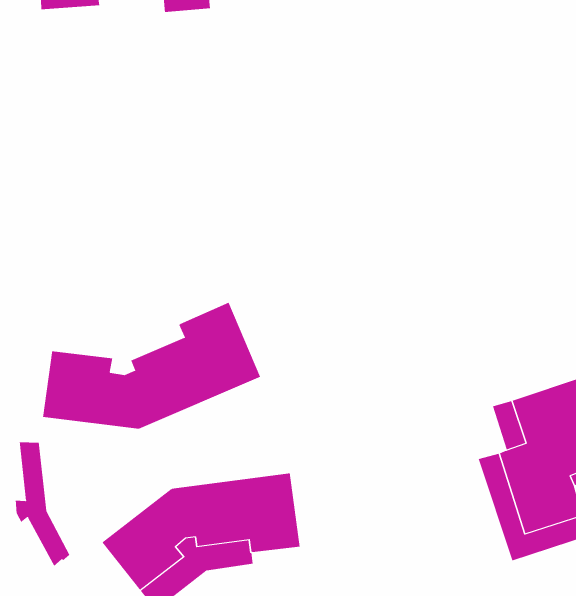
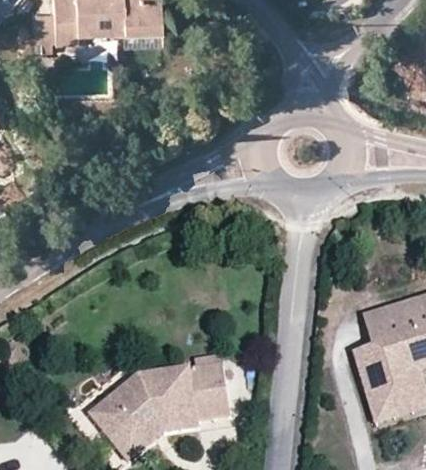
building: [43,302,261,430] -> none
building: [15,441,70,567] -> none

